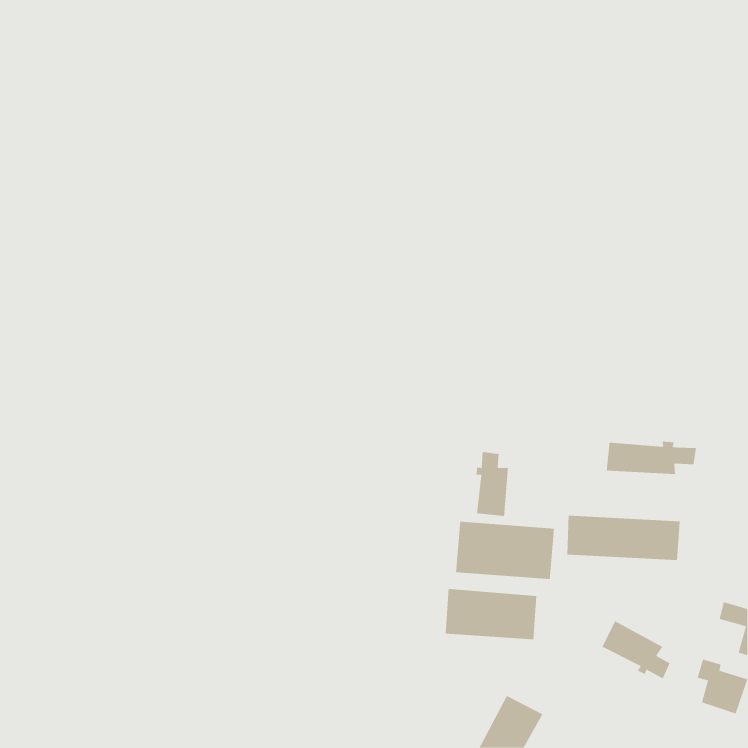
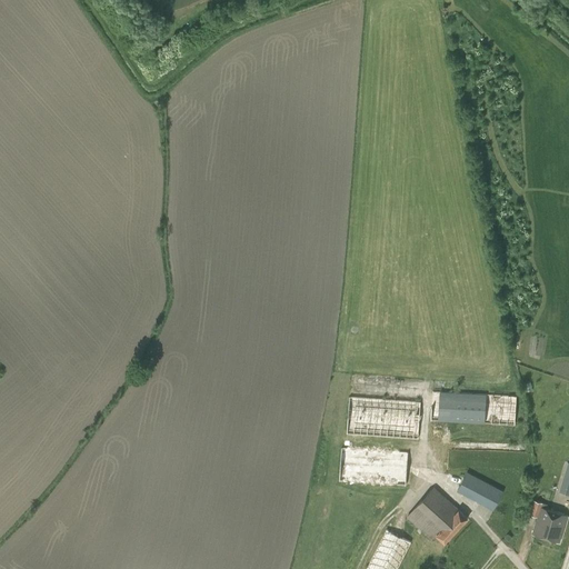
building: [606,441,696,475] -> none
building: [476,451,508,517] -> none
building: none -> [407,487,468,543]

